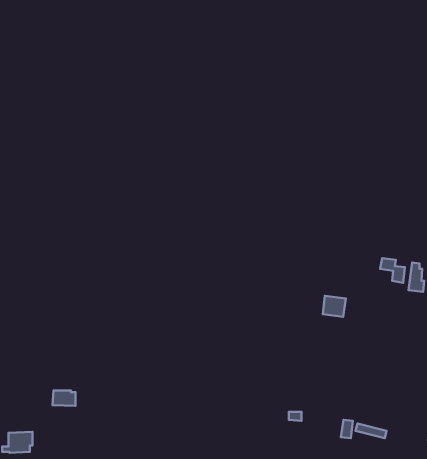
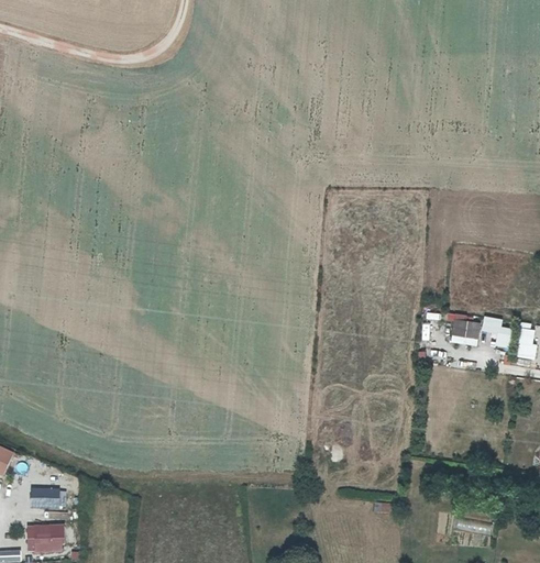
building: [323,296,346,317] -> [451,319,478,344]
building: [53,390,76,406] -> [31,489,58,508]

